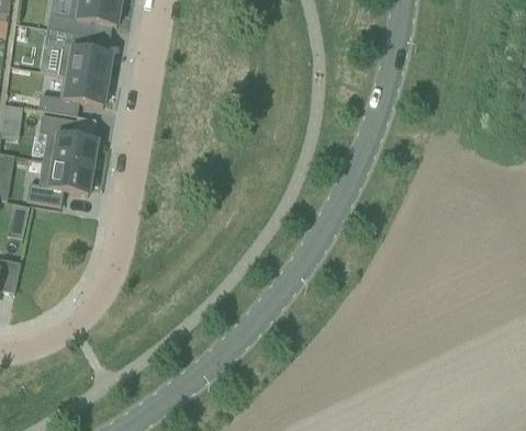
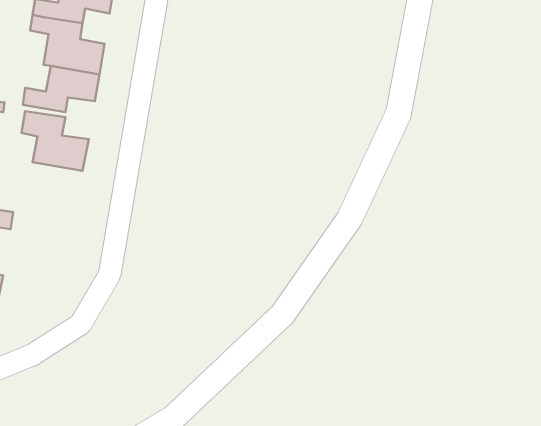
building: [25,160,91,205] -> none

